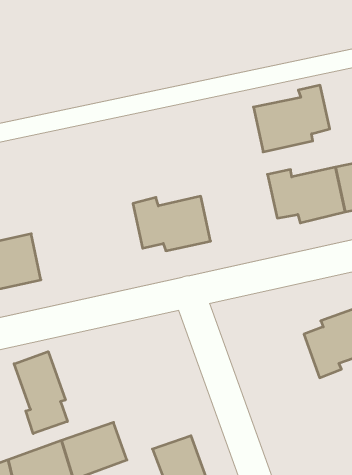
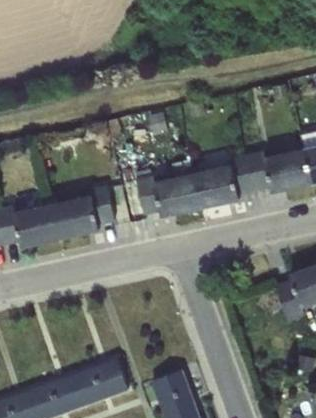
building: [253,85,330,152] -> [190,154,253,209]
building: none -> [50,185,114,241]
building: [14,352,67,434] -> none

